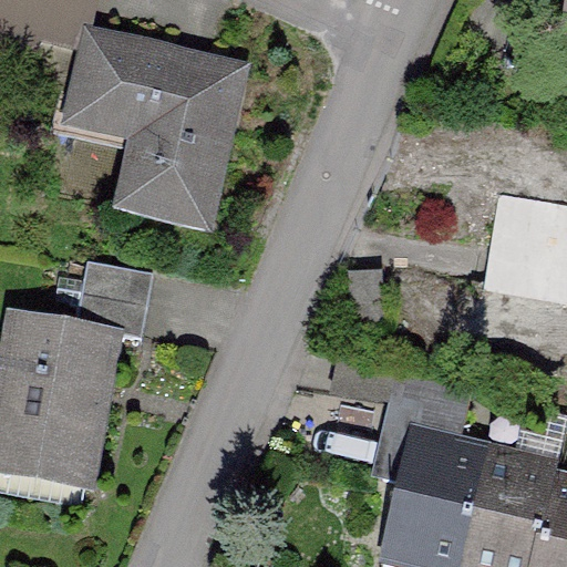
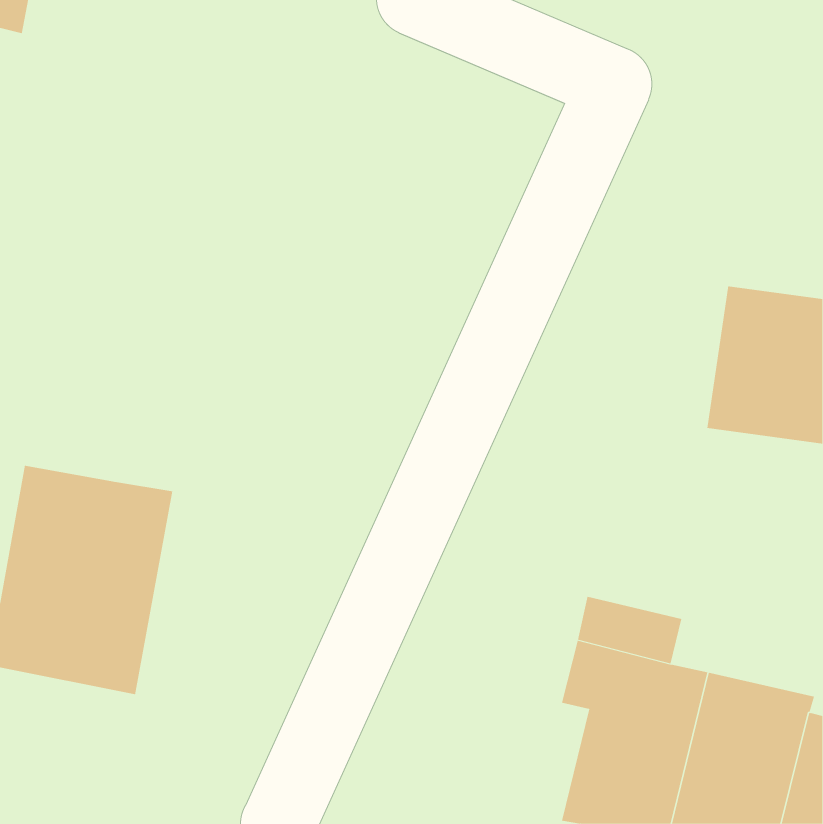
building: [73,39,244,225] -> none
building: [79,265,156,342] -> none

